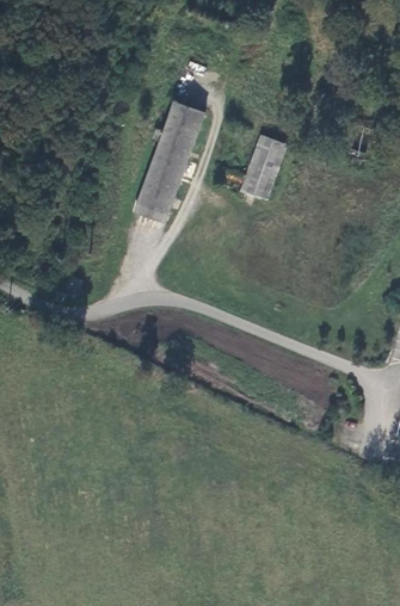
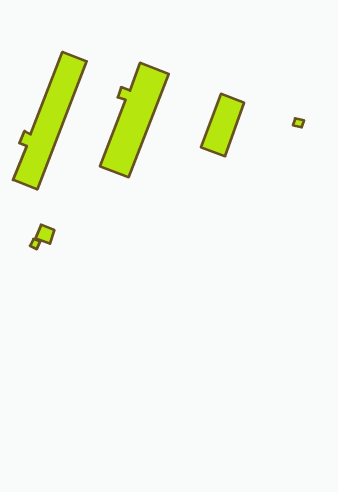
building: none -> [13,52,87,189]

